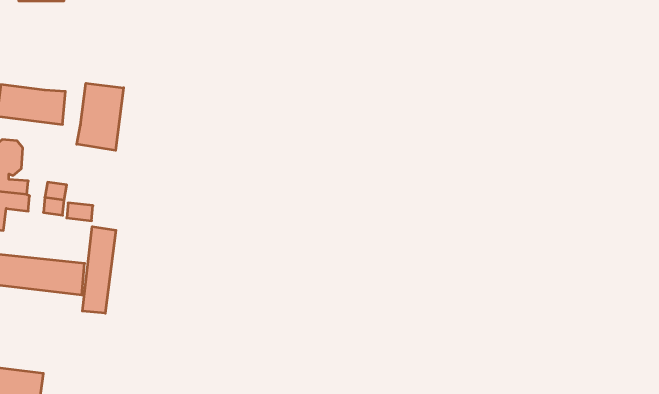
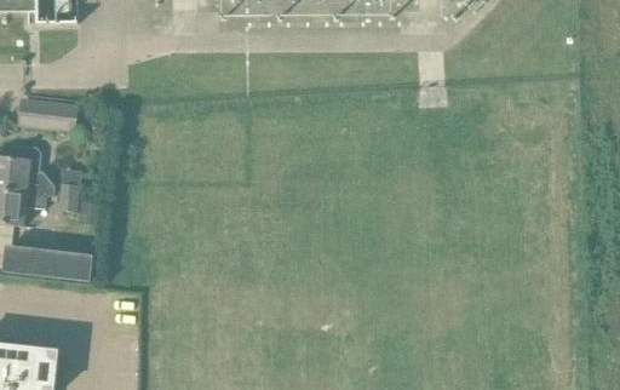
building: [77,83,124,150] -> none
building: [82,227,116,313] -> none

